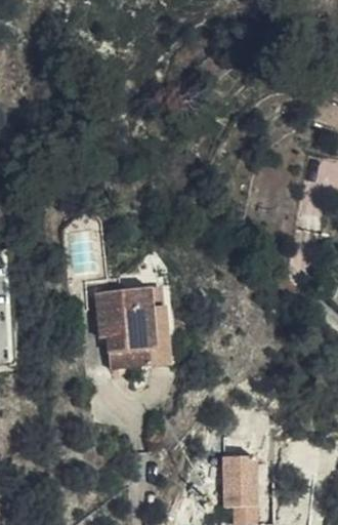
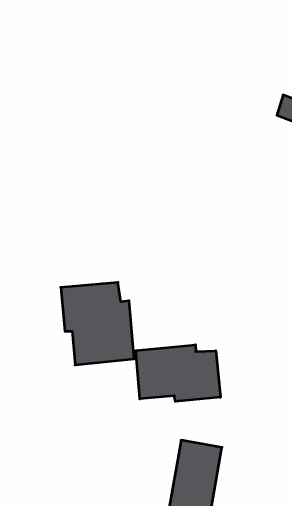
building: none -> [136,345,220,401]

